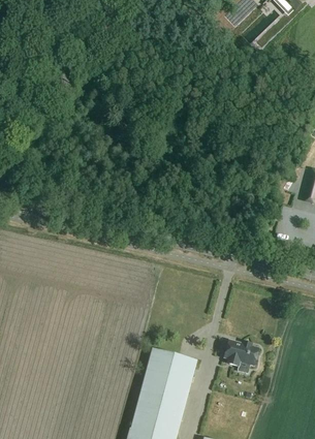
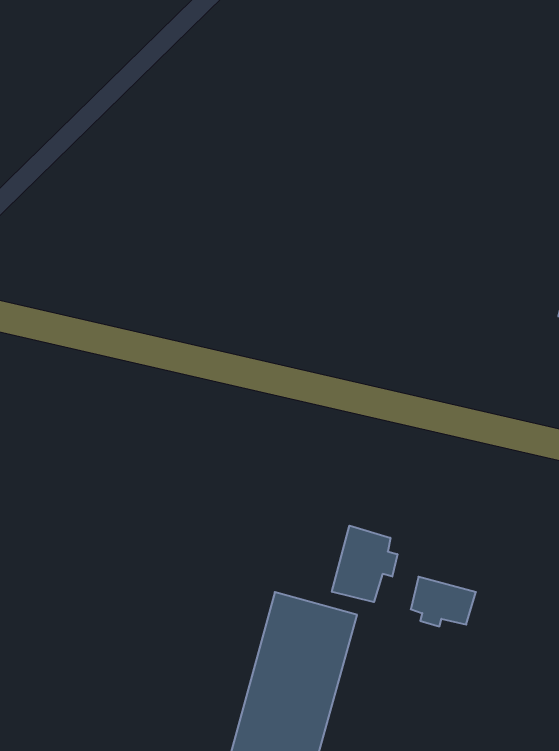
building: none -> [332,526,397,602]

